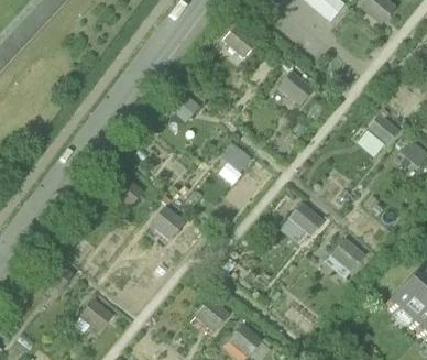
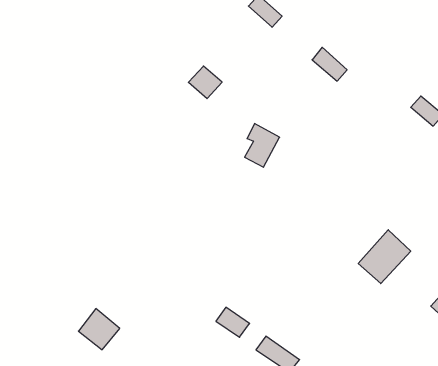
building: [282,198,326,242] -> none
building: [154,203,189,238] -> none

